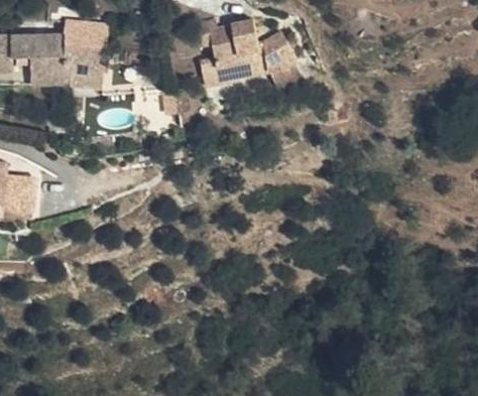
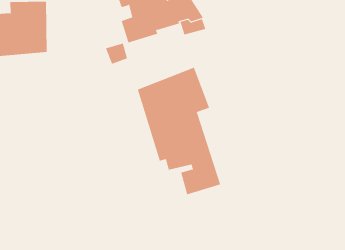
building: none -> [137,67,221,195]

